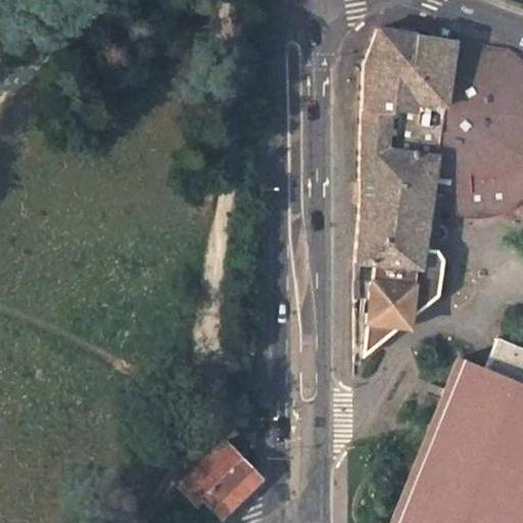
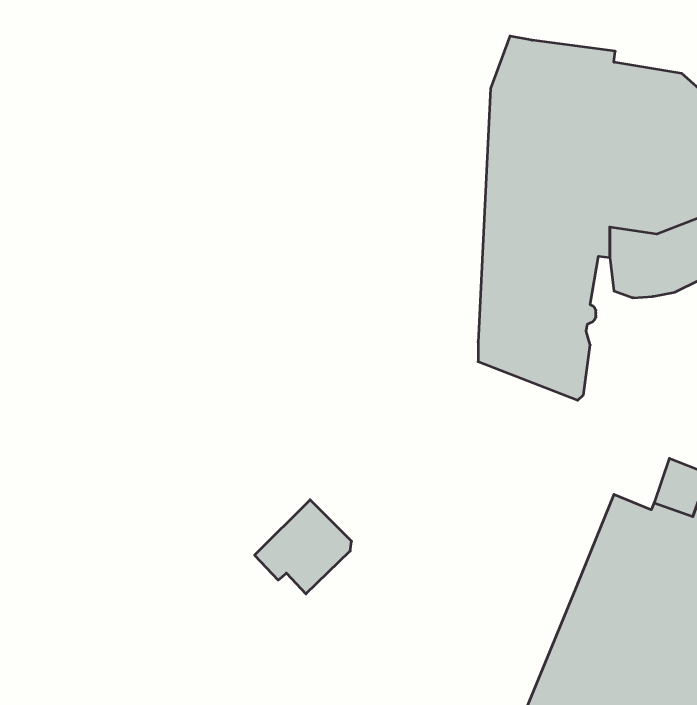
building: [359,269,434,349] -> none
building: [187,443,258,513] -> [255,500,352,594]

